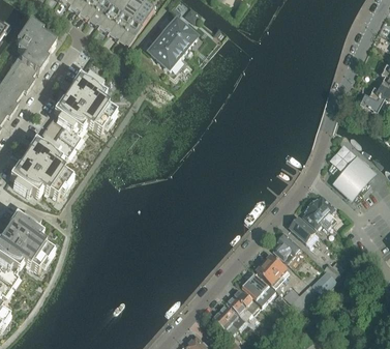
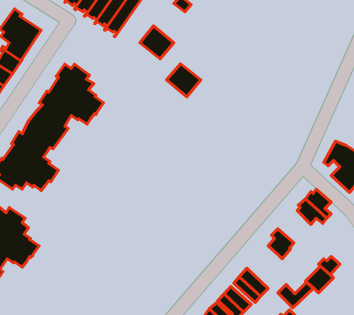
building: [163,21,197,53] -> [167,64,201,97]
building: [289,216,318,245] -> none
building: [256,254,286,284] -> none

